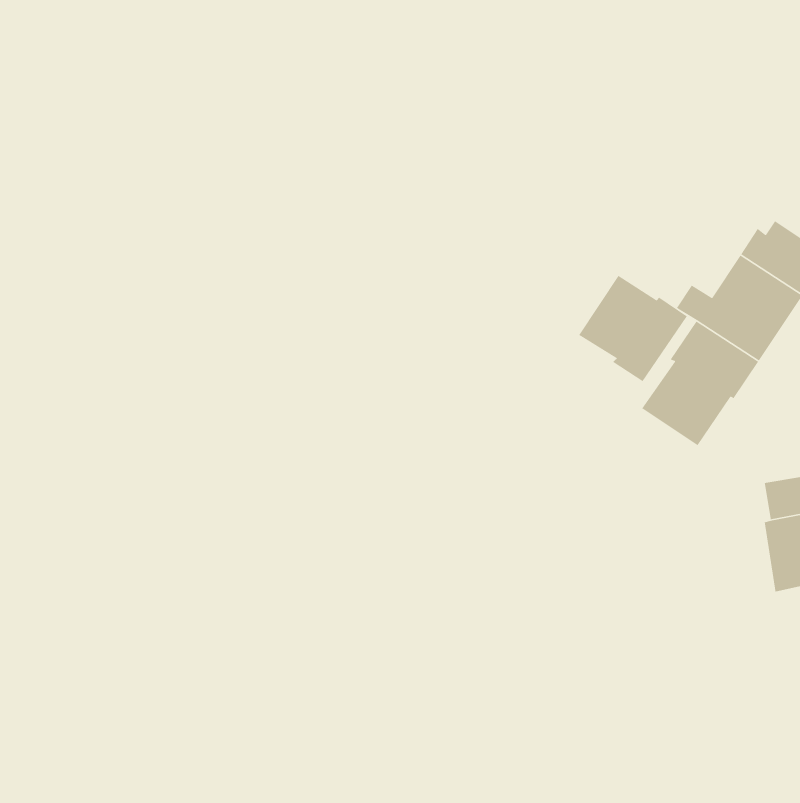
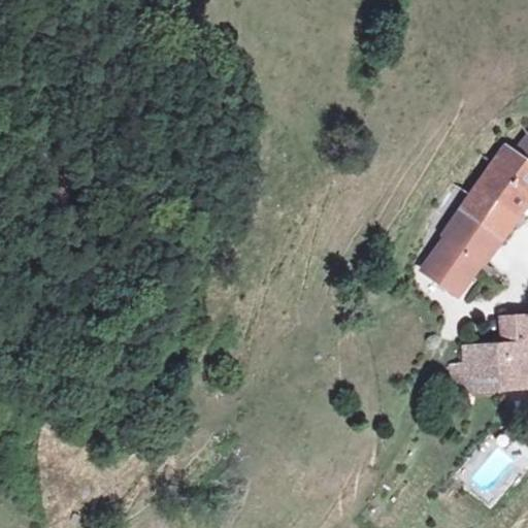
building: [578,275,688,382] -> none
building: none -> [454,342,510,397]

